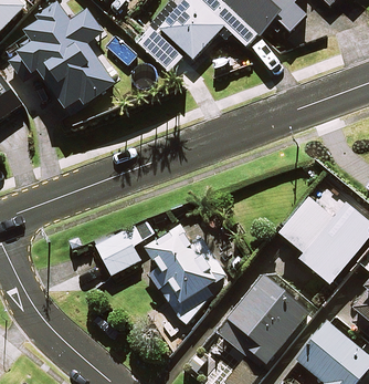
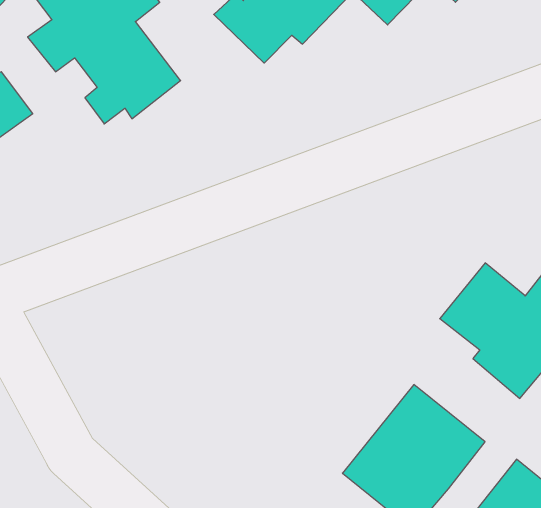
building: [95,217,226,315] -> none

